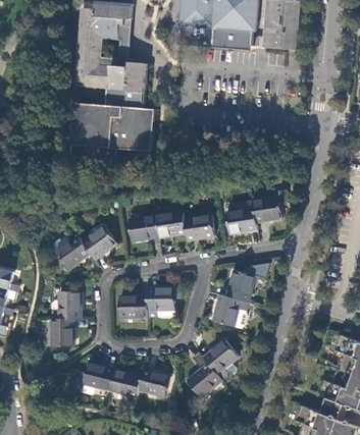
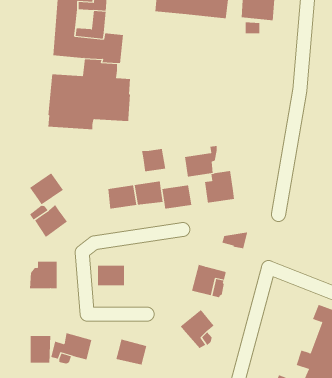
building: none -> [141,148,166,172]
building: [253,188,287,220] -> [184,146,218,177]
building: [82,224,116,257] -> [29,173,64,205]
building: [227,270,255,301] -> none
building: [147,286,182,315] -> none
building: [51,318,72,345] -> [30,336,51,363]
building: [187,362,221,395] -> none
building: [109,369,141,395] -> none

